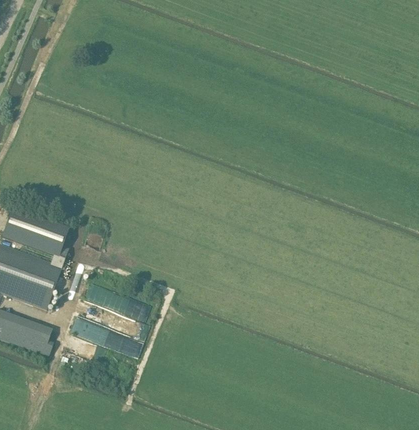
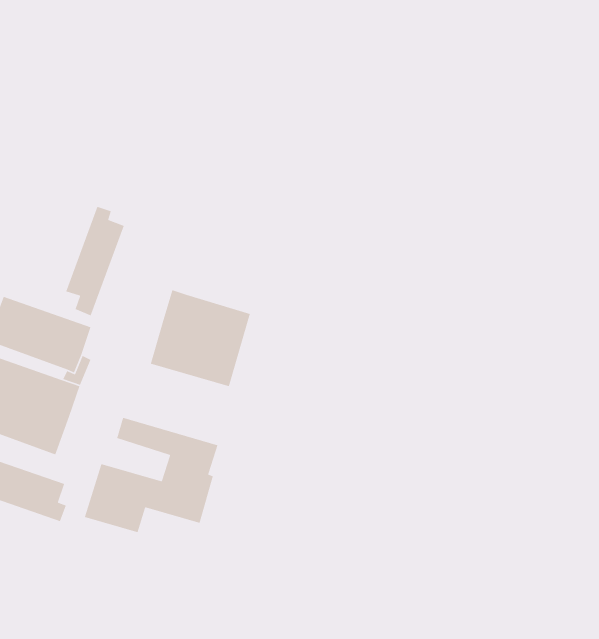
building: none -> [65,206,125,317]
building: none -> [150,289,251,387]

